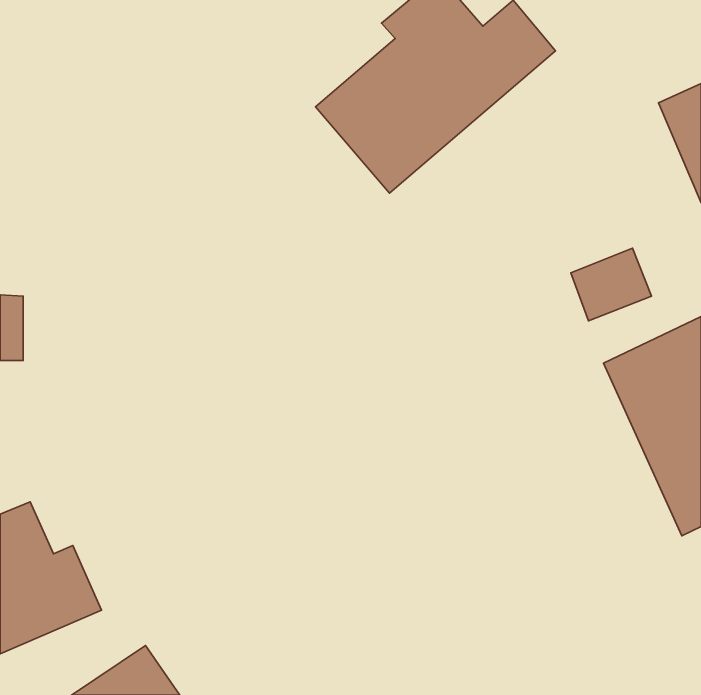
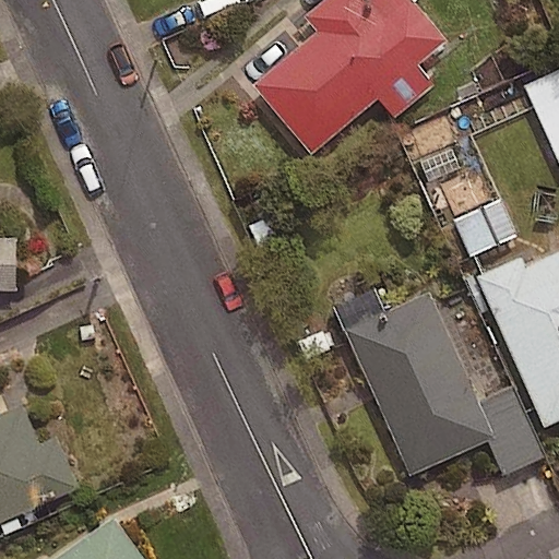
building: none -> [343,292,495,475]

